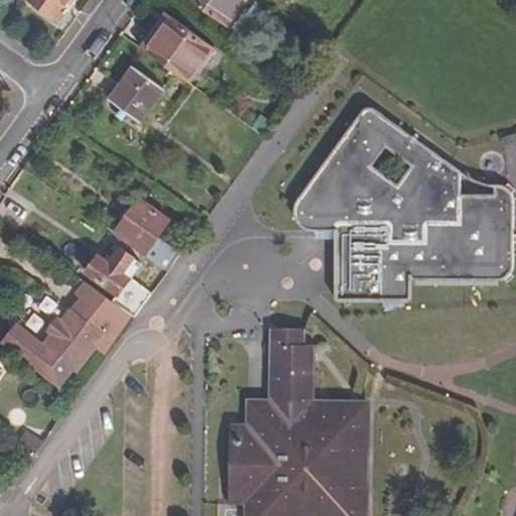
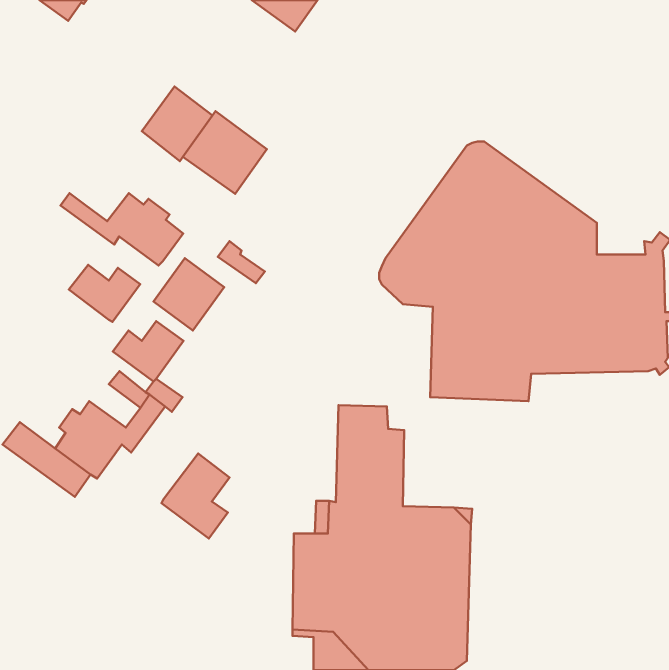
building: [148,14,213,78] -> [183,111,267,194]
building: none -> [60,193,183,266]
building: none -> [69,265,140,322]
building: none -> [161,453,230,538]

